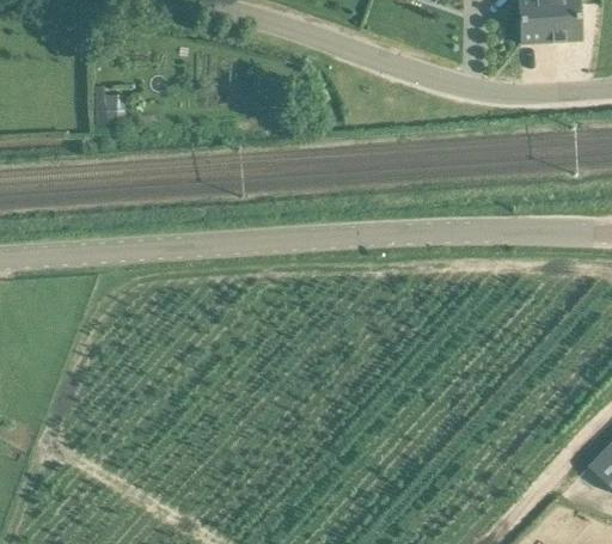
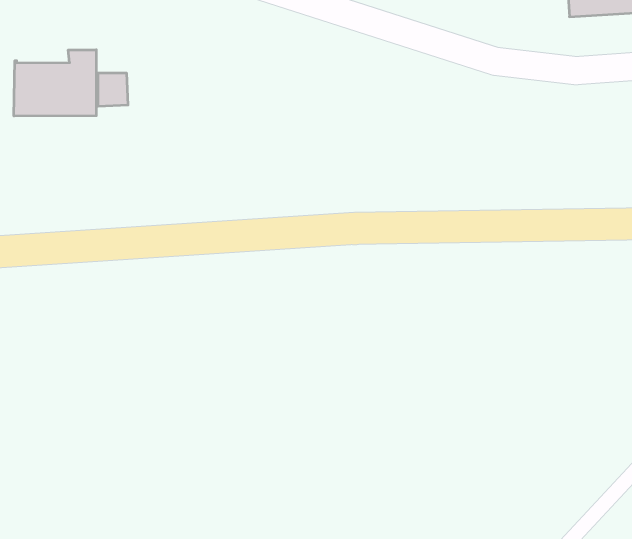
building: none -> [14,50,96,116]

